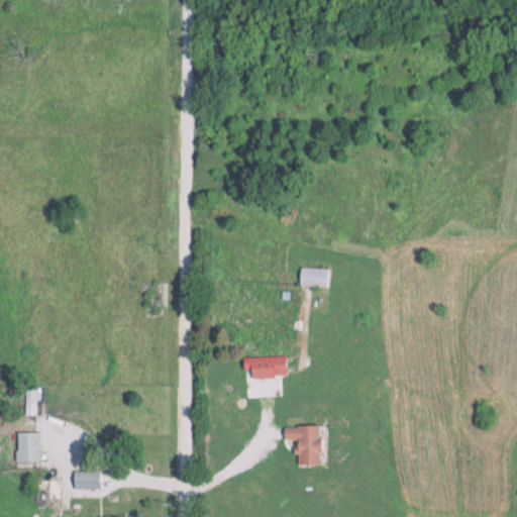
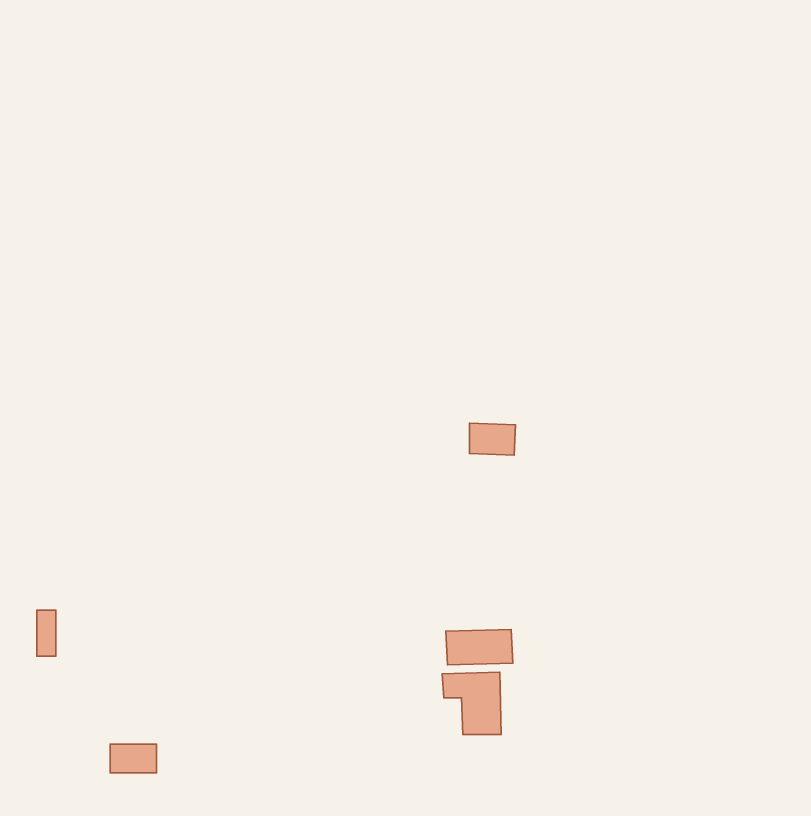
building: [244,356,287,379] -> [446,630,513,665]
building: [17,432,39,460] -> none

